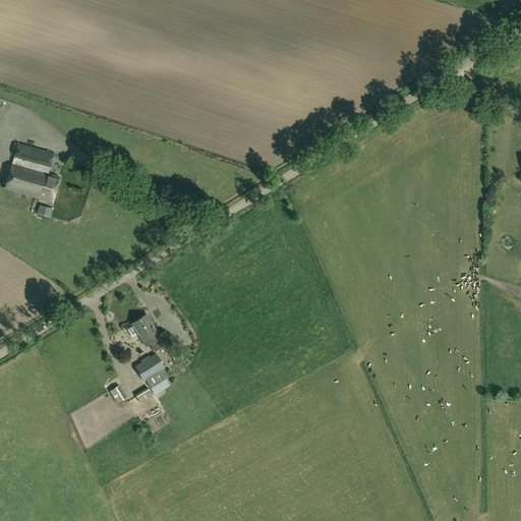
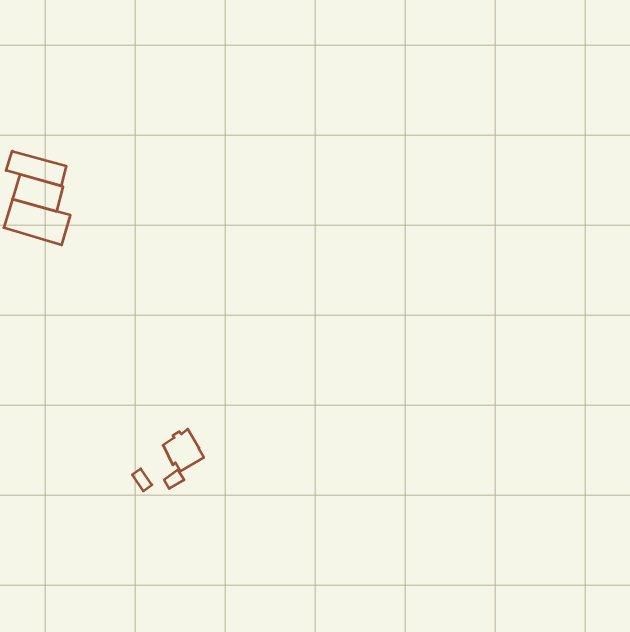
building: none -> [6,151,66,186]
building: [131,313,169,351] -> none

